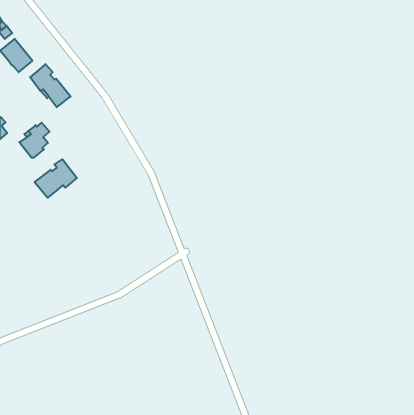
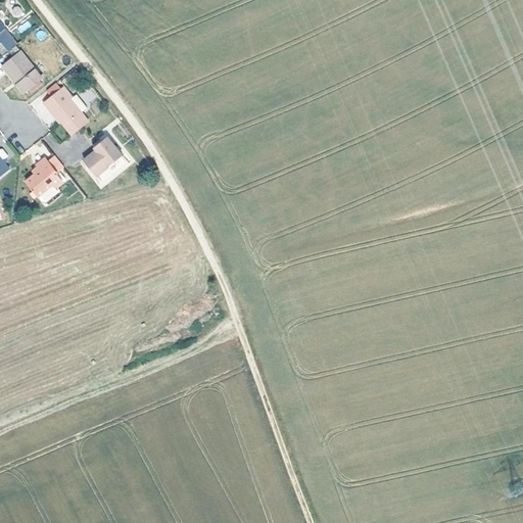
building: none -> [82,134,121,176]
building: [35,159,77,198] -> none

